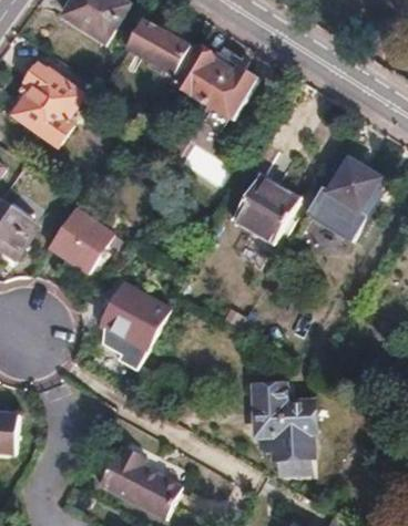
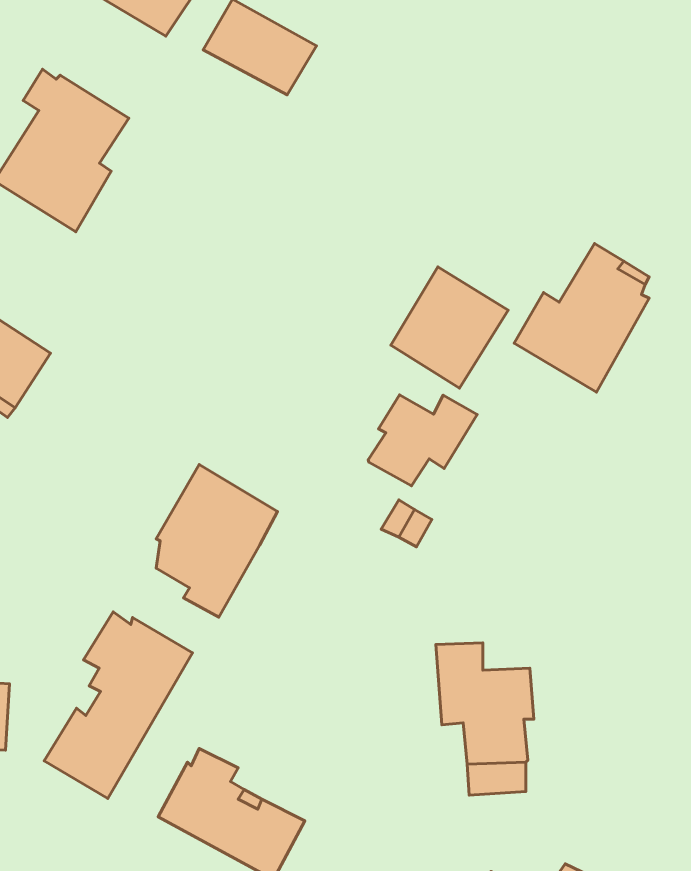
building: [177,44,257,116] -> none
building: [47,209,112,272] -> none
building: none -> [368,395,477,486]
building: none -> [44,612,192,798]

